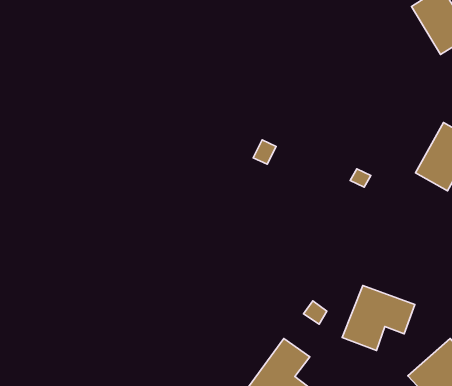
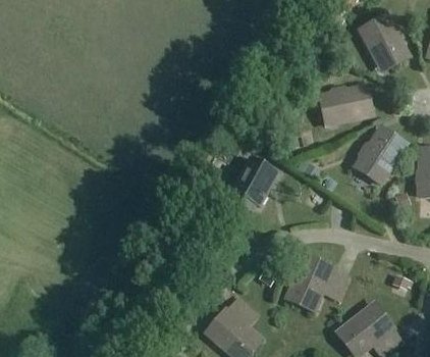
building: none -> [319,86,372,125]
building: none -> [229,158,274,206]

